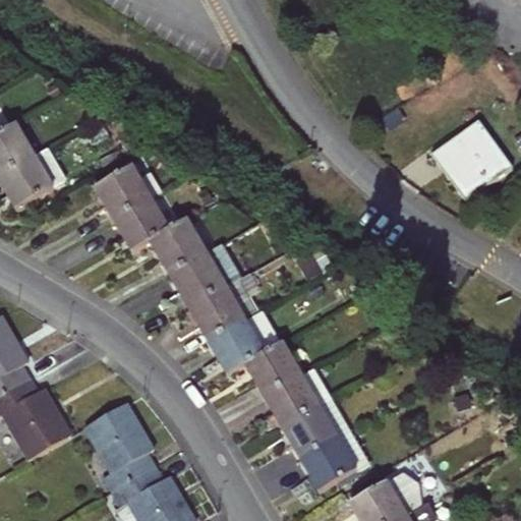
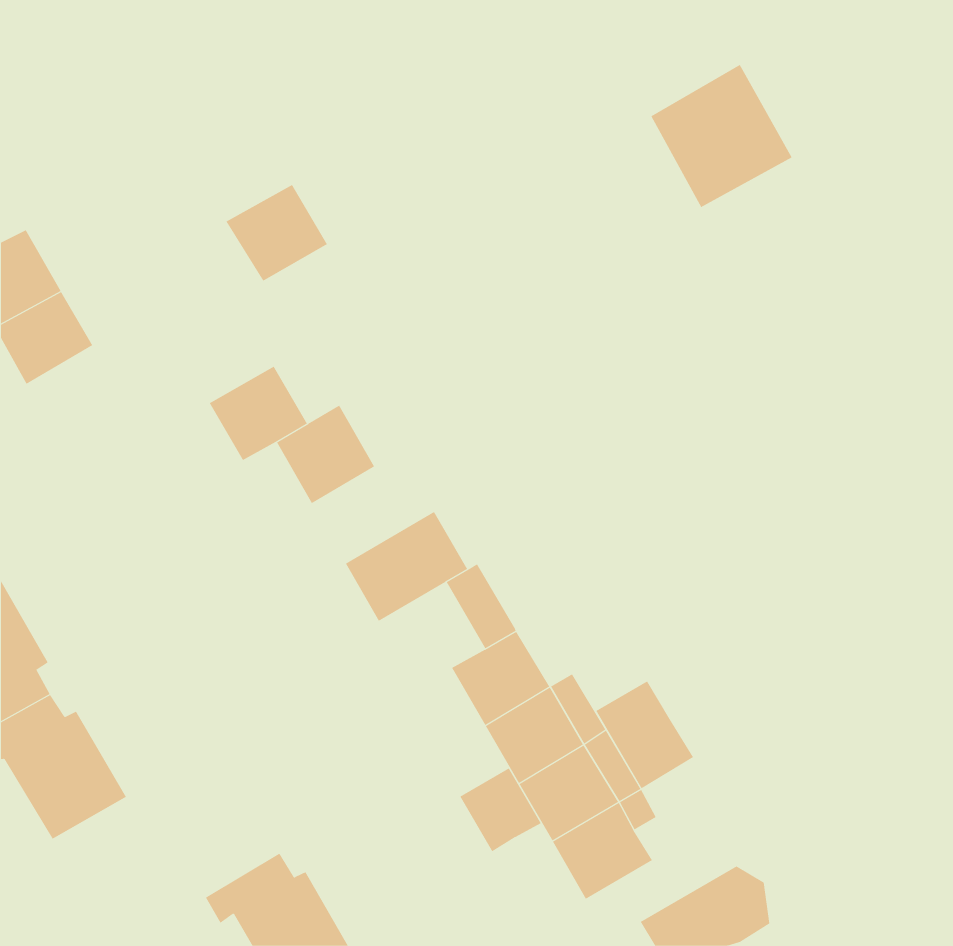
building: [424,119,502,197] -> [651,64,792,208]
building: [94,167,150,220] -> [225,184,328,281]
building: [170,246,237,307] -> none
building: [207,317,265,374] -> none
building: none -> [596,680,694,789]
building: [84,401,153,489] -> none
building: none -> [460,767,542,852]

